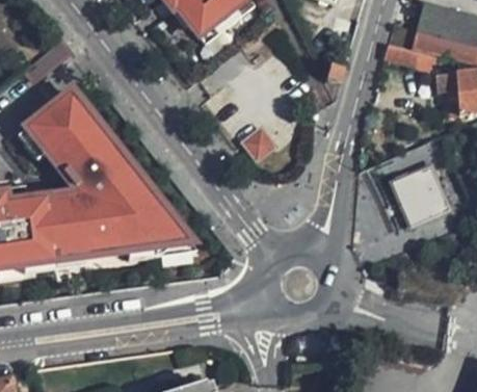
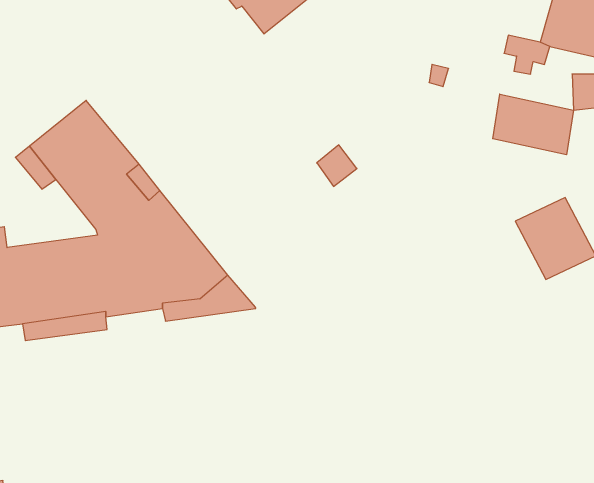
building: none -> [493,94,574,155]

